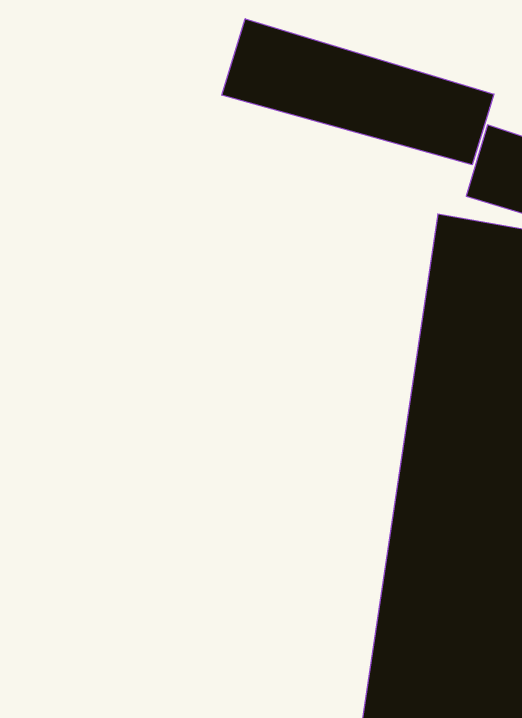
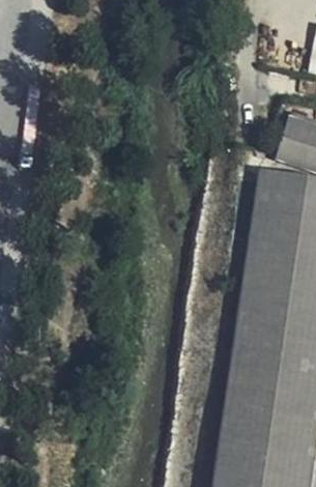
building: [222,19,494,165] -> none

